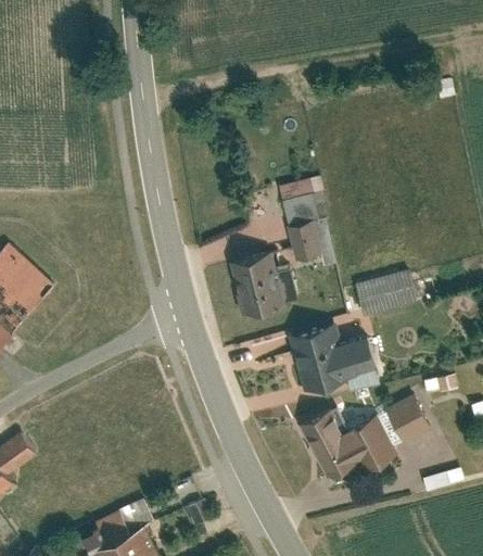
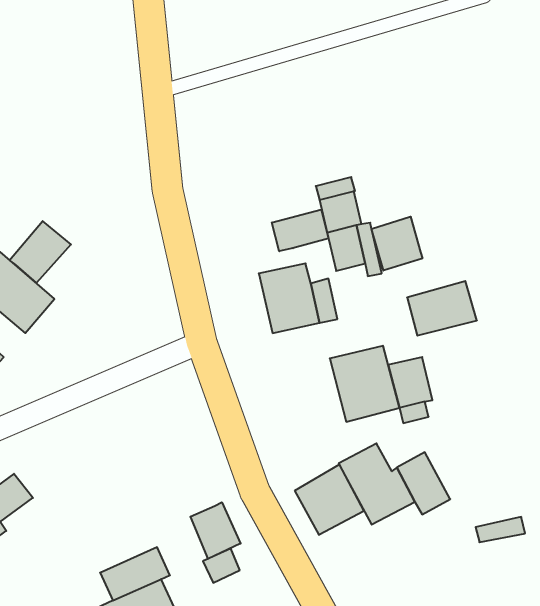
building: none -> [272,210,328,251]
building: none -> [372,217,422,271]
building: none -> [9,221,71,283]
building: [383,395,429,443] -> none
building: none -> [295,465,364,535]
building: none -> [190,502,241,559]

